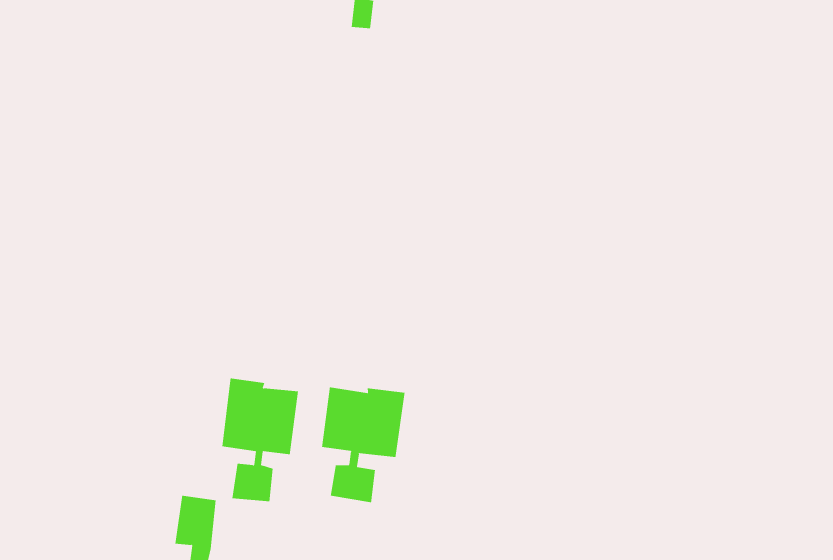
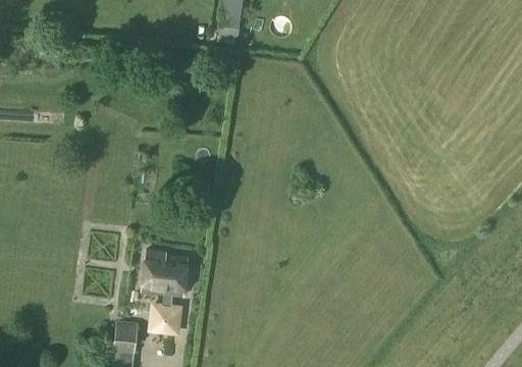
building: [322,386,405,503] -> none

